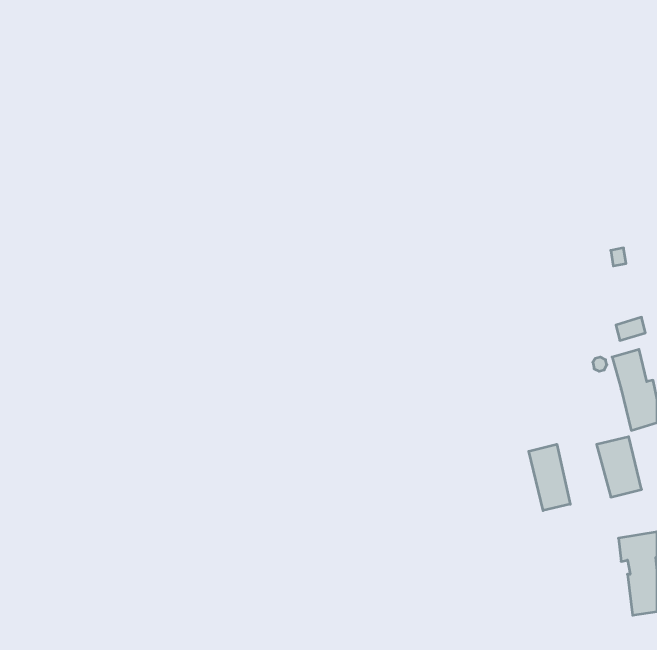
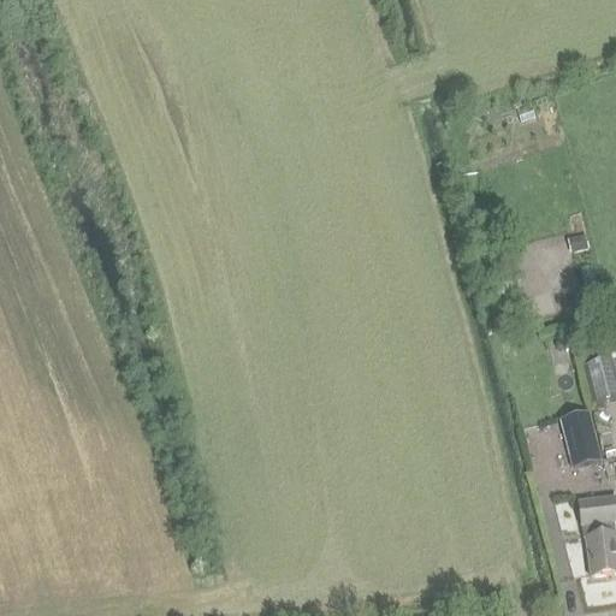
building: [529,444,570,511] -> none

